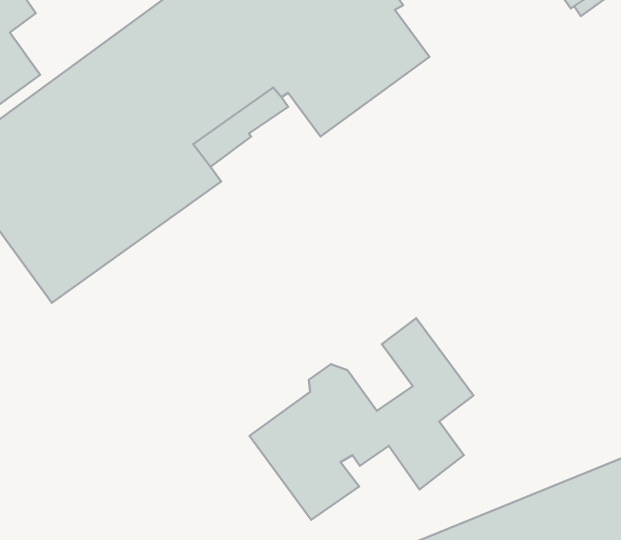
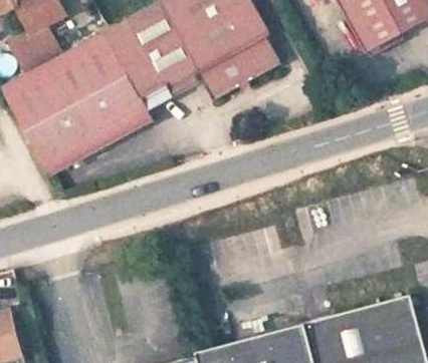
building: [249,318,473,520] -> none

